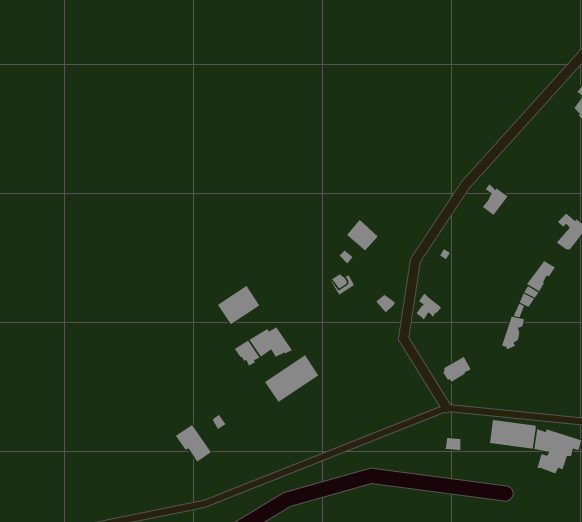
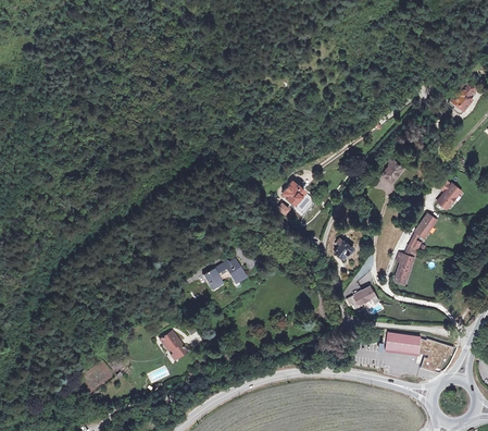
building: [217,285,260,325] -> none
building: [264,354,319,403] -> none

